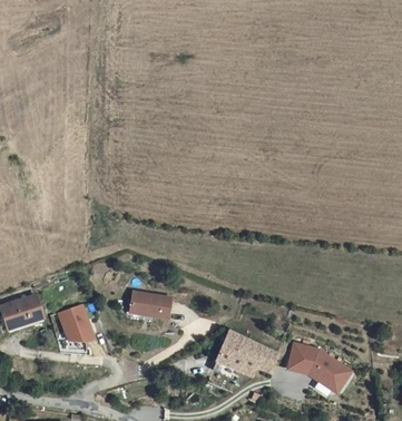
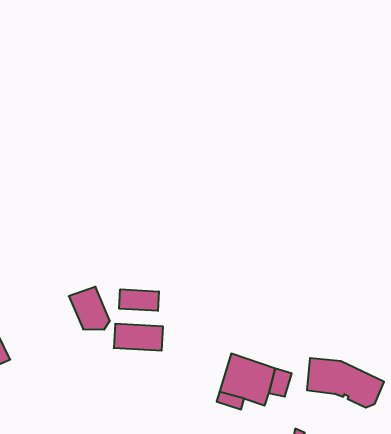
building: none -> [119,289,159,311]
building: [58,305,90,342] -> [69,287,110,330]

